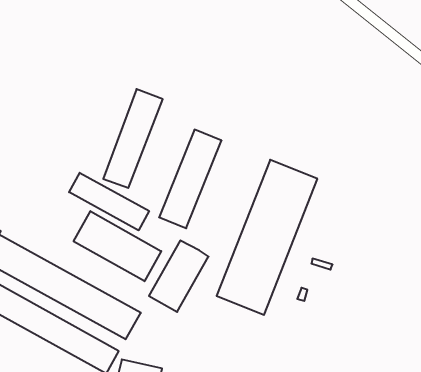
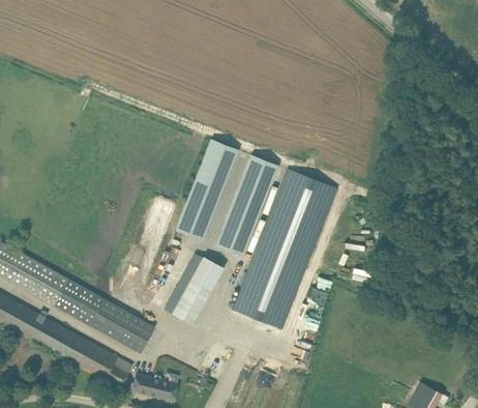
building: [103,89,163,188] -> [216,153,277,255]
building: [69,173,149,230] -> none
building: [74,211,161,281] -> none

